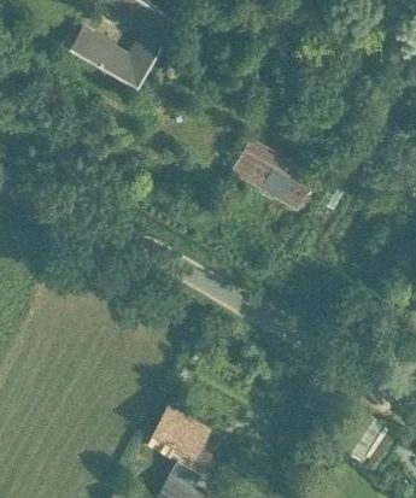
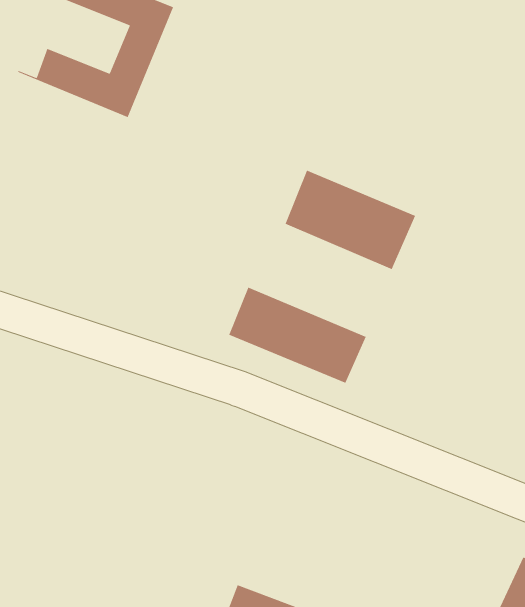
building: none -> [228,286,367,384]

